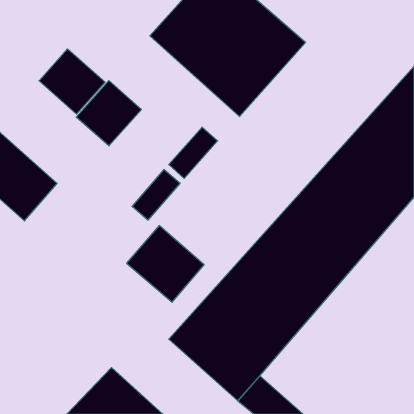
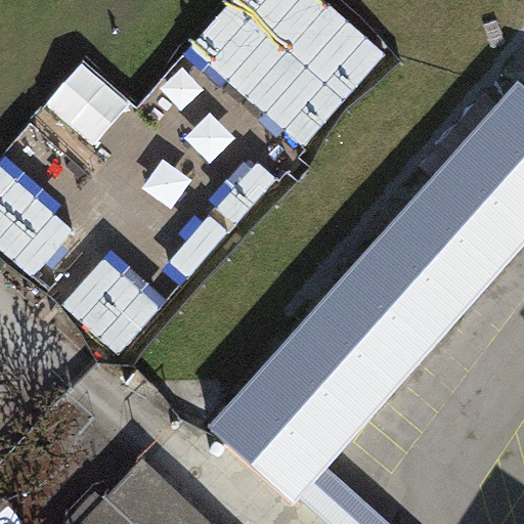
building: [76,81,141,146] -> none
building: [127,226,204,302] -> [60,257,158,353]

